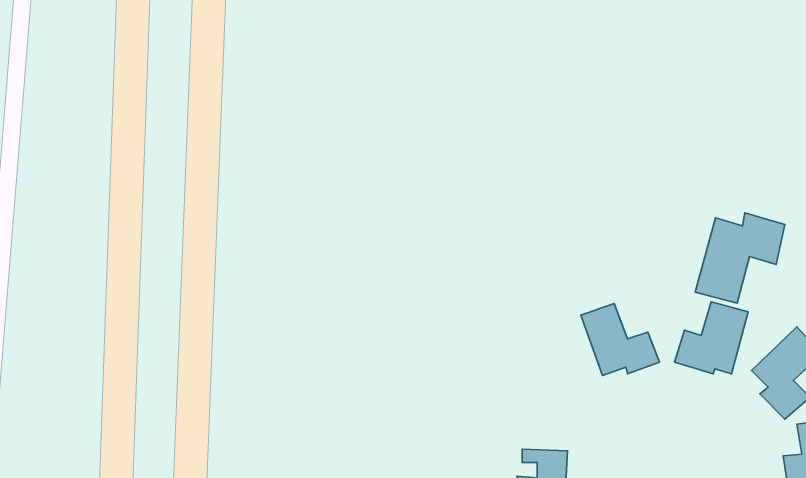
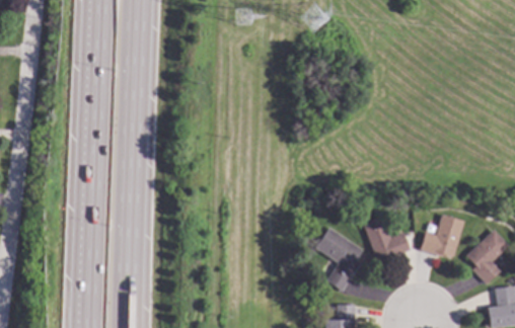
building: [695,213,785,303] -> none
building: none -> [315,227,363,292]

